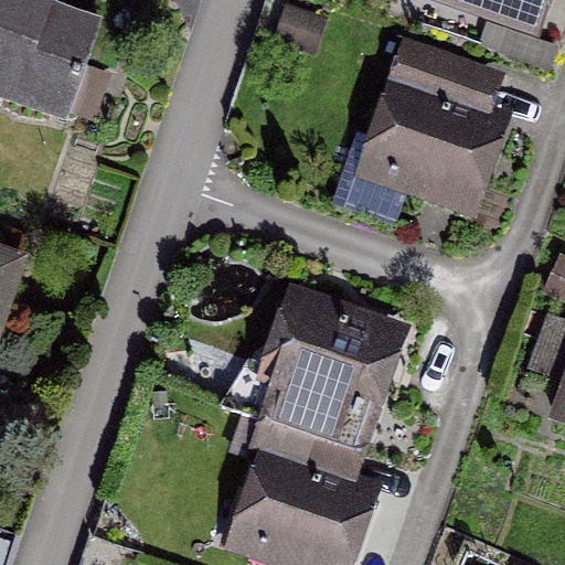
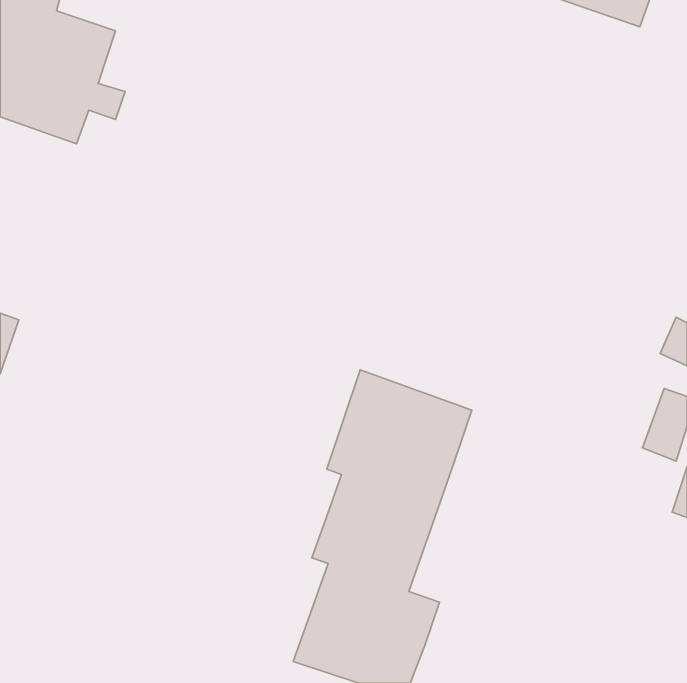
building: [371,51,491,203] -> none

